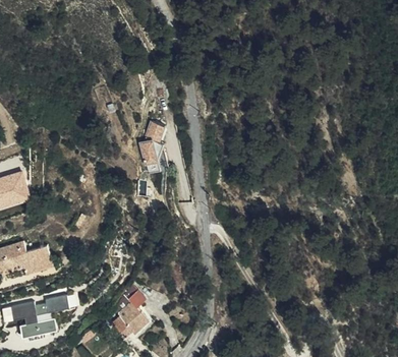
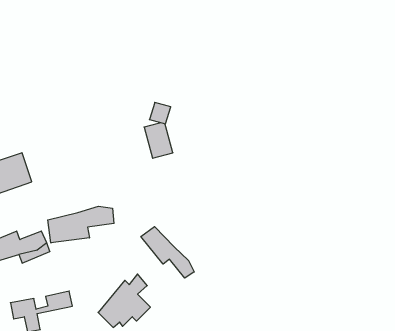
building: none -> [48,206,114,243]
building: none -> [141,227,194,278]

